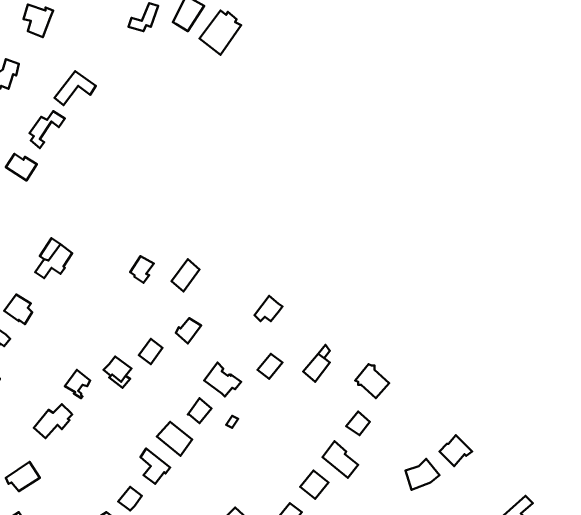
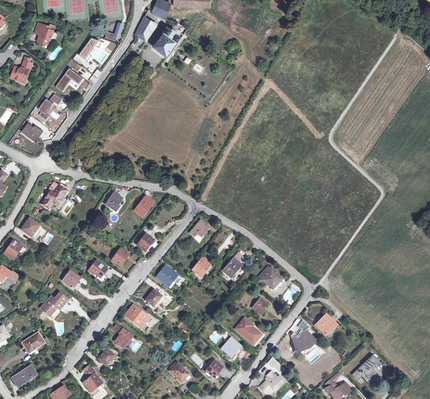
building: none -> [79,38,106,61]

